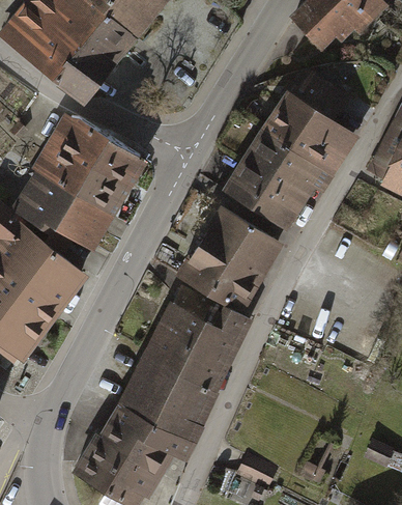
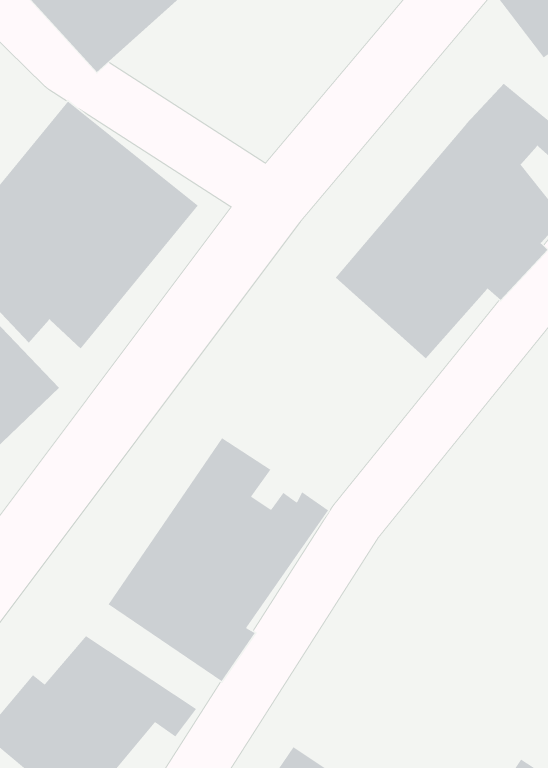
building: [177,207,280,307] -> none
building: [121,390,200,442] -> none

